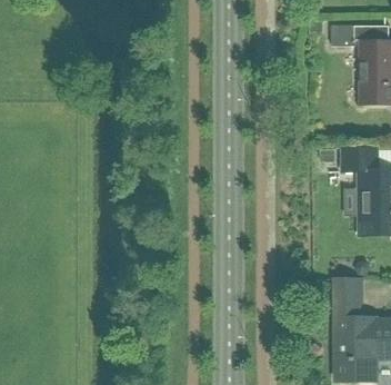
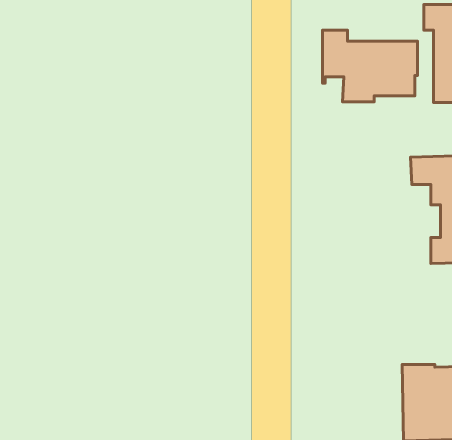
building: none -> [323,30,418,102]
building: [333,278,360,304] -> none

